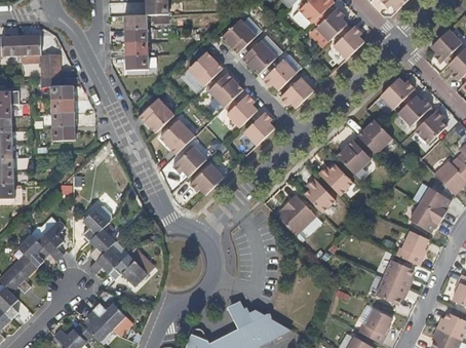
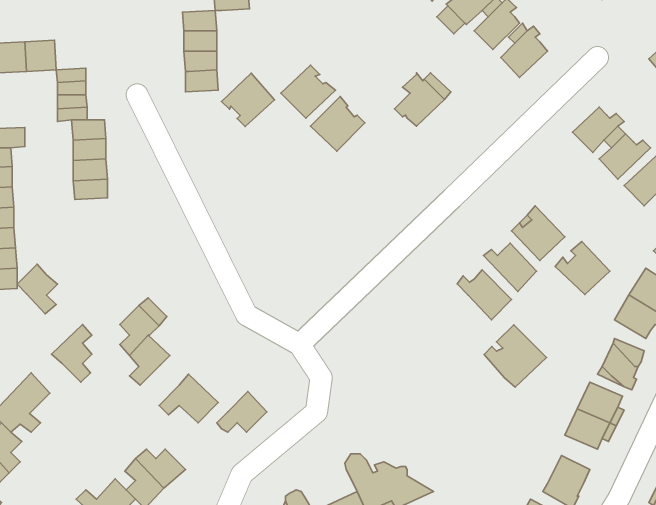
building: [221,17,257,53] -> none
building: [241,39,277,74] -> none
building: [279,77,312,108] -> none
building: [227,93,257,127] -> none
building: [140,96,174,131] -> [222,73,275,126]
building: [243,111,273,145] -> none
building: [160,118,195,153] -> none
building: [360,123,396,158] -> [555,241,610,295]
building: [173,146,206,177] -> none
building: [190,163,224,194] -> none
building: [279,198,320,239] -> [484,325,547,387]
building: [17,233,44,266] -> [17,264,58,314]
building: [88,247,121,274] -> [217,392,267,432]

